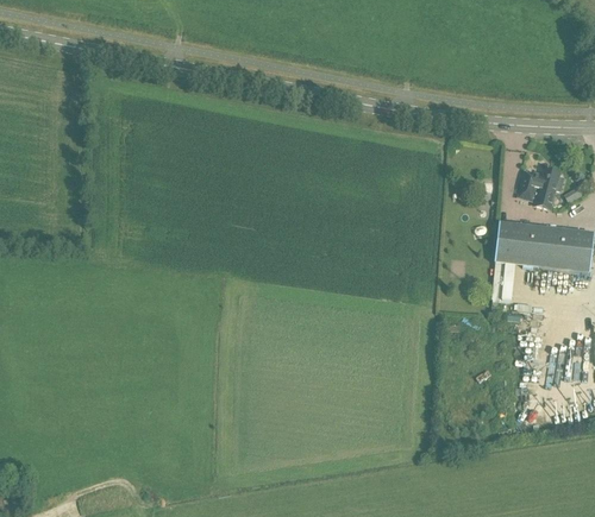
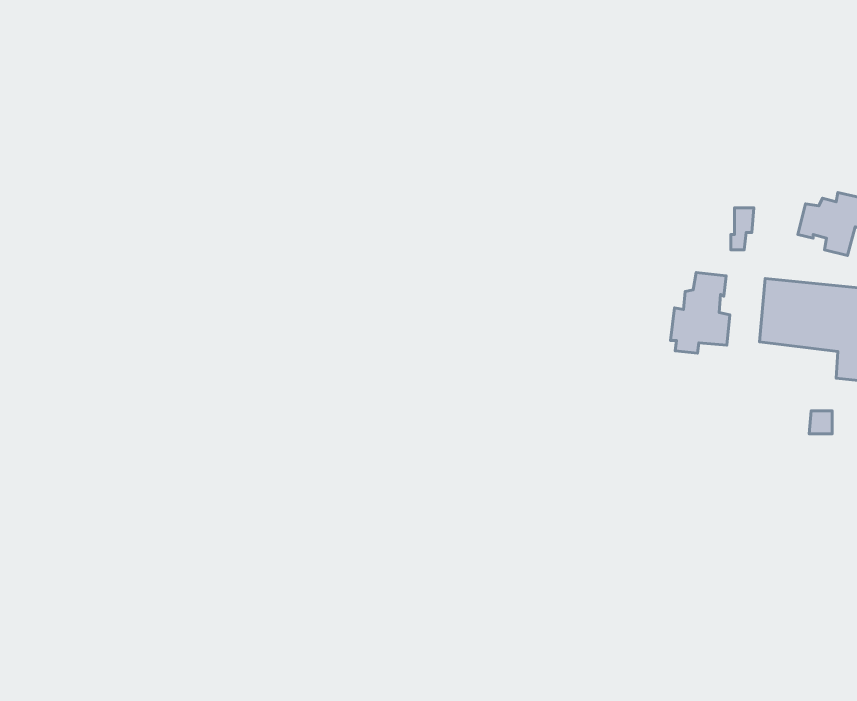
building: none -> [671,273,730,353]

